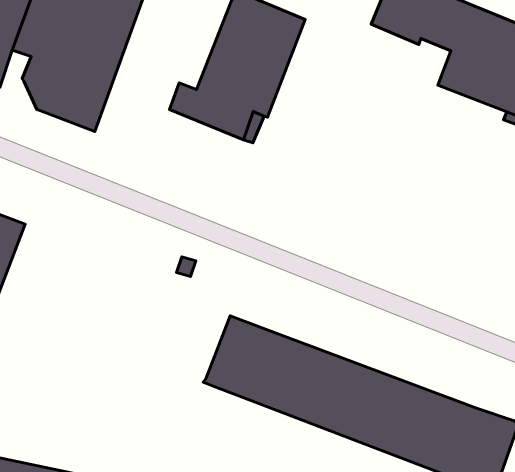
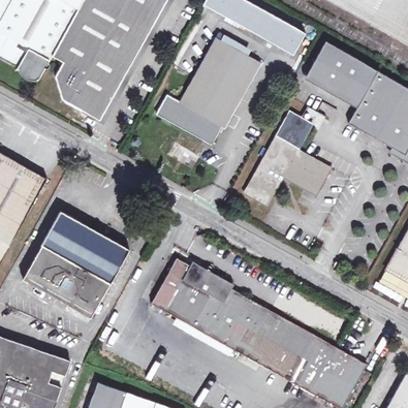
building: none -> [242,113,327,206]
building: none -> [24,212,127,317]

